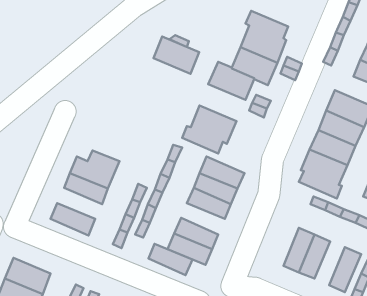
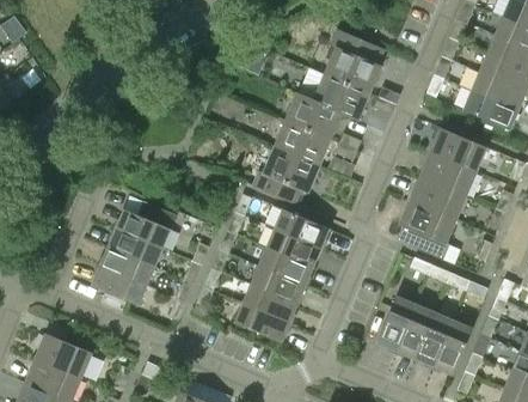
building: [153,37,199,74] -> [274,120,330,165]
building: none -> [99,246,154,285]
building: none -> [415,312,452,366]
building: [149,244,192,275] -> [251,266,305,304]

